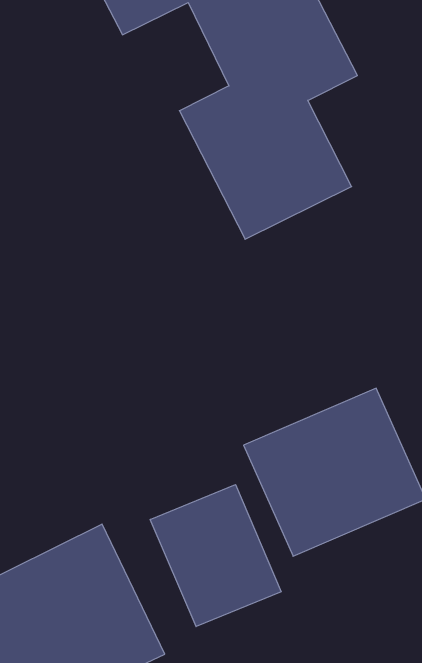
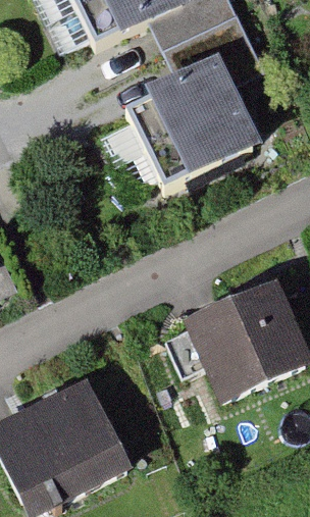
building: [150,485,281,627] -> none

